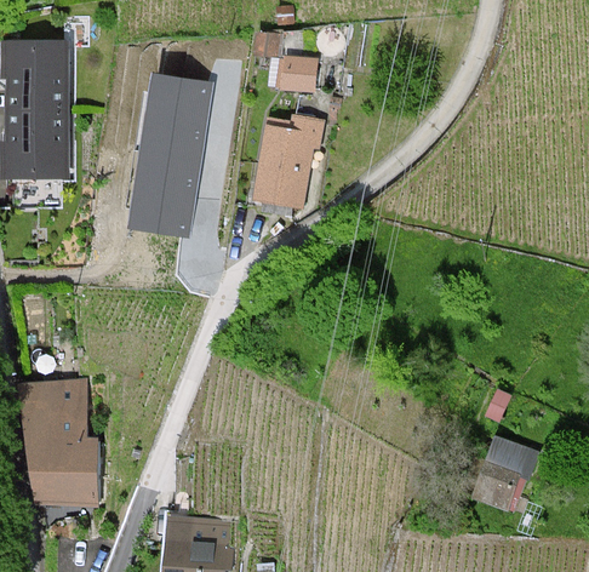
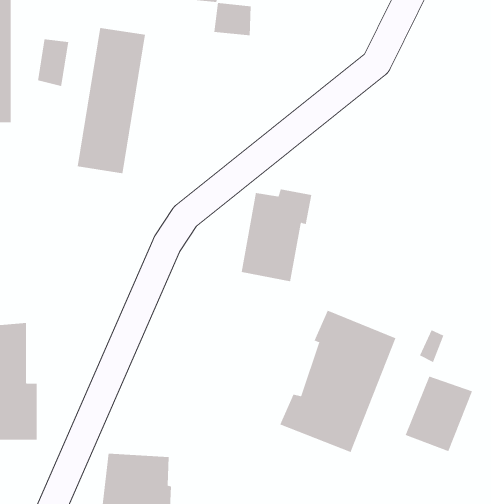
building: none -> [37,38,69,87]
building: [252,114,325,208] -> [241,189,312,282]
building: none -> [279,310,396,453]

